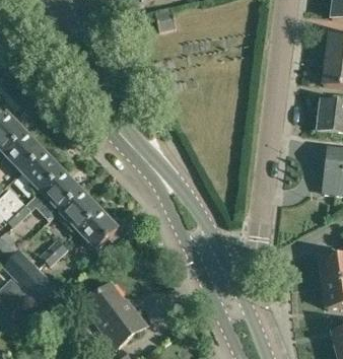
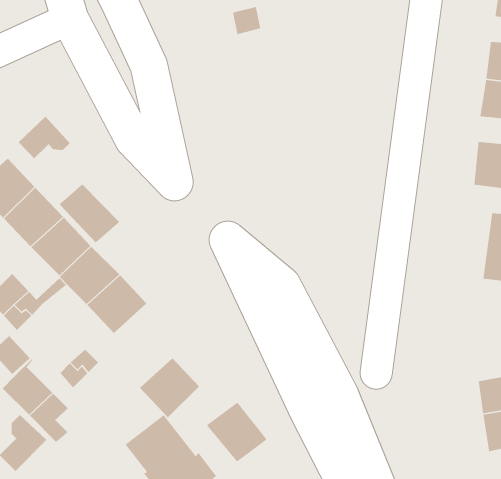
building: none -> [18,116,71,159]
building: none -> [59,183,120,243]
building: [77,209,118,249] -> [139,358,200,418]
building: none -> [206,402,267,463]

